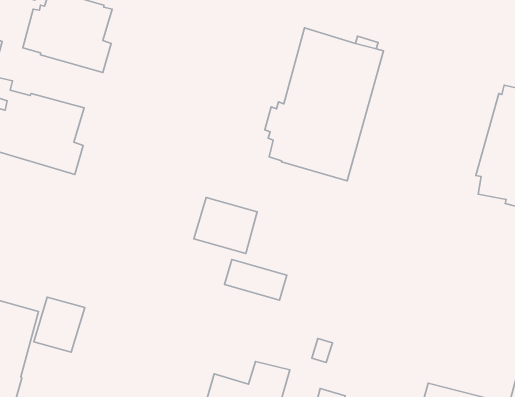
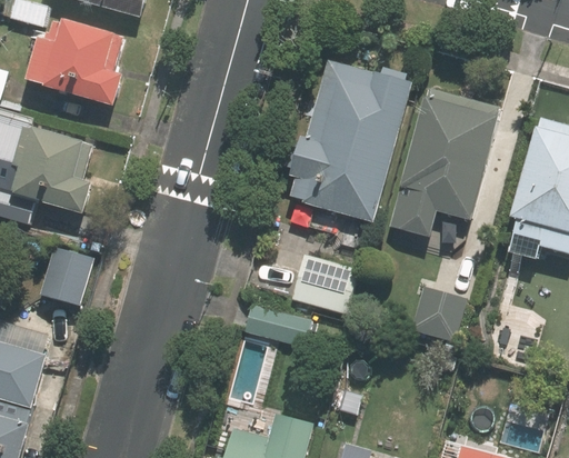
building: none -> [388,89,501,238]
building: [194,197,257,253] -> [288,255,356,315]
building: none -> [409,287,465,342]
building: [34,297,85,352] -> [32,247,87,306]

